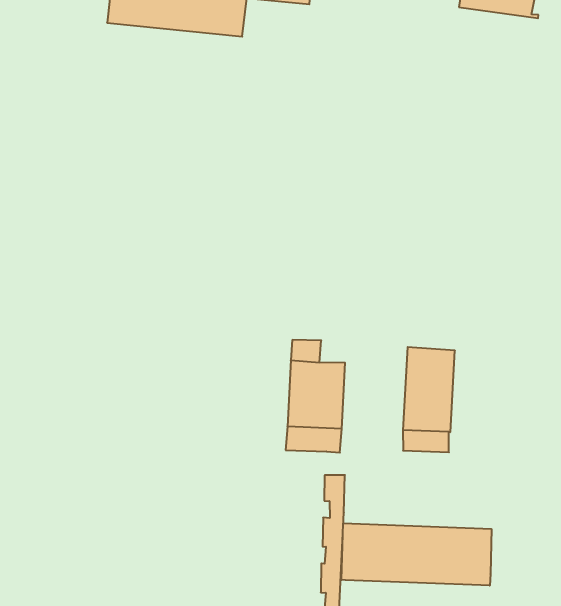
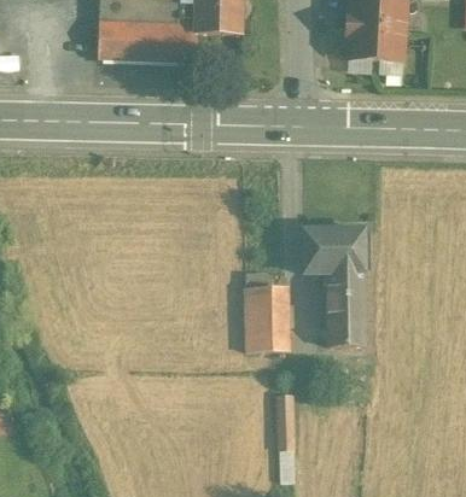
building: none -> [348,25,406,60]
building: none -> [307,228,366,270]
building: [342,523,491,586] -> none

